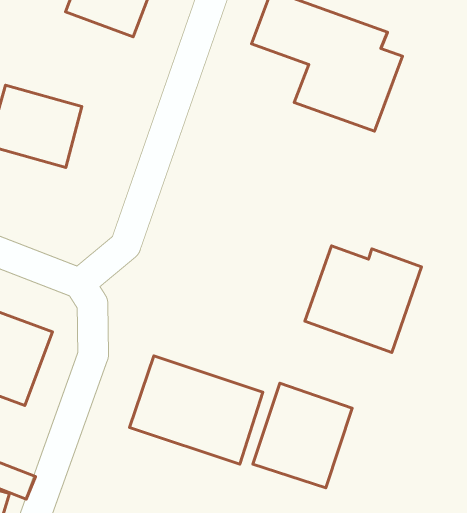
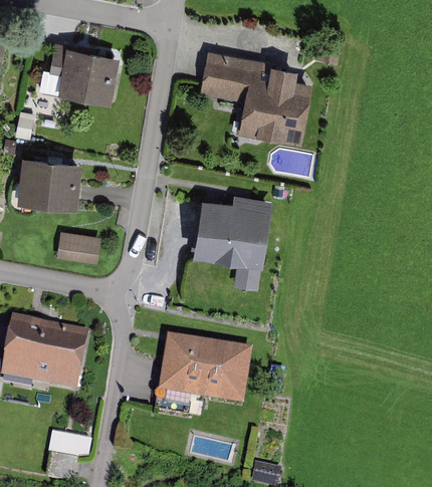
building: none -> [56,233,99,264]
building: [305,246,421,352] -> [193,195,272,269]
building: [253,383,352,488] -> none

